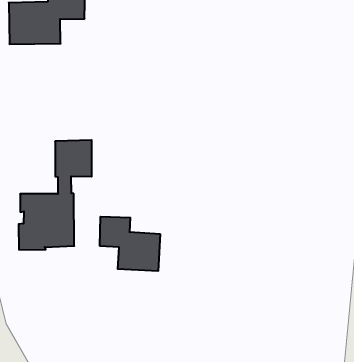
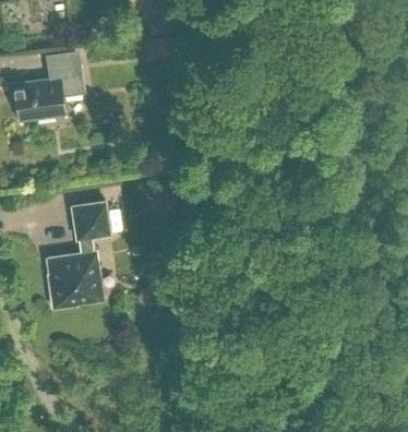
building: [100,217,160,271] -> none

